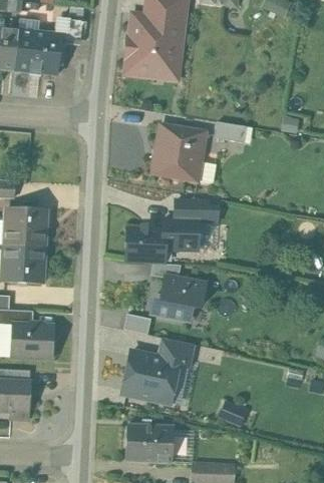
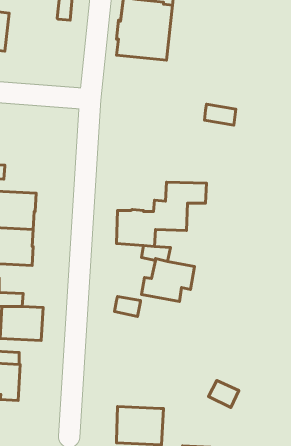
building: [15,31,62,74] -> none
building: [152,125,205,181] -> none
building: [122,338,196,404] -> none

